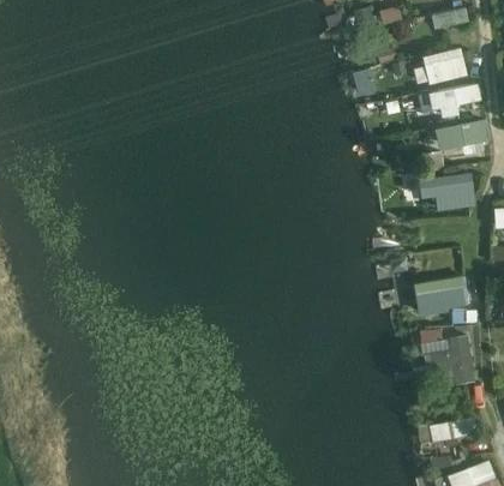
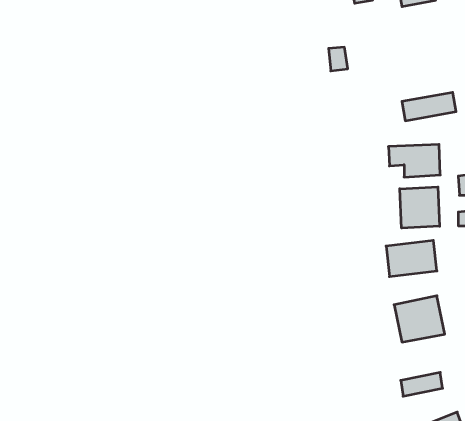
building: [412,47,467,89] -> none
building: [430,85,480,119] -> none
building: none -> [400,187,440,228]

